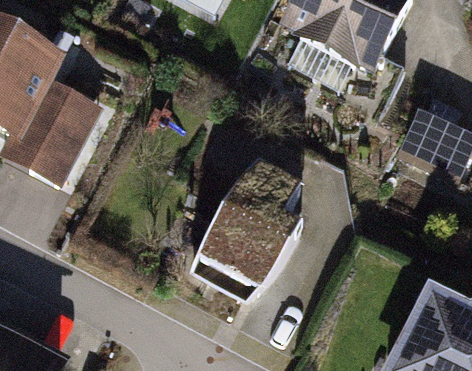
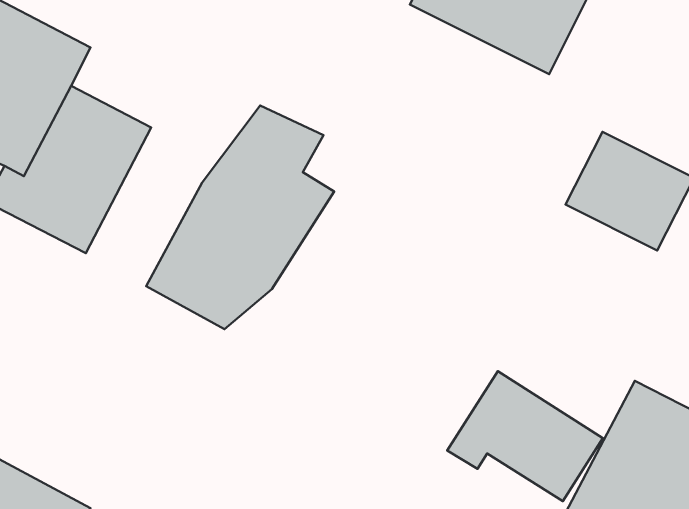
building: [180,164,307,315] -> [146,106,334,329]
building: none -> [447,371,603,501]

